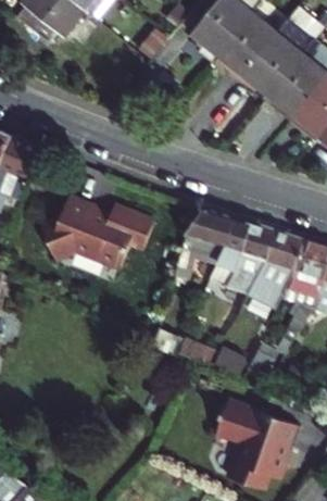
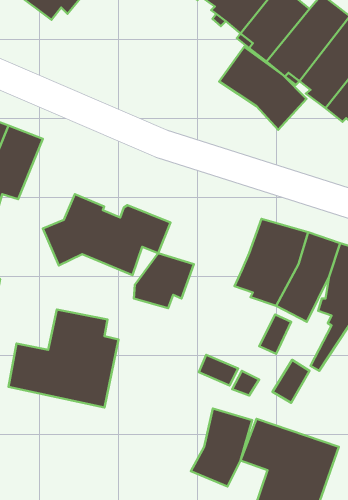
building: none -> [219,47,306,130]
building: [180,209,234,258] -> [134,253,194,308]
building: none -> [9,310,119,408]
building: none -> [191,409,252,486]

